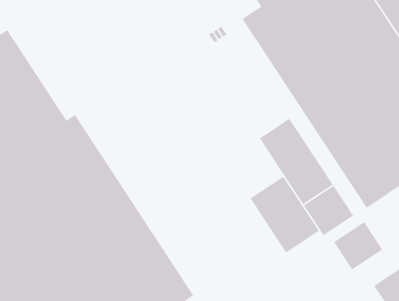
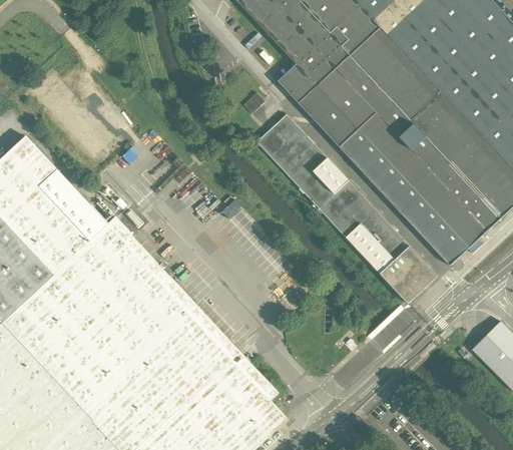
building: none -> [256,114,349,208]
building: [249,176,320,253] -> none
building: [333,221,383,271] -> none

